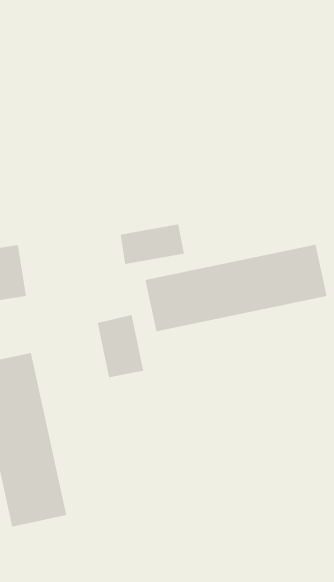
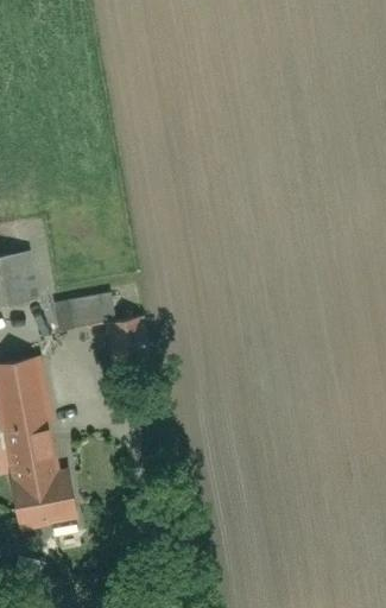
building: [120,223,185,265] -> [53,286,119,328]
building: [145,244,327,332] -> none

